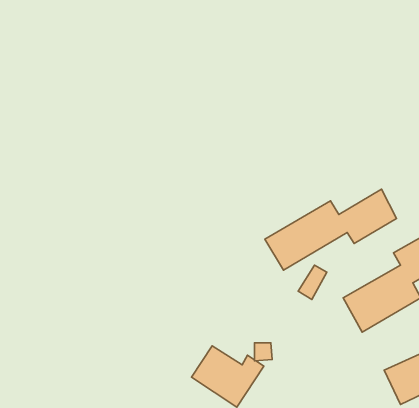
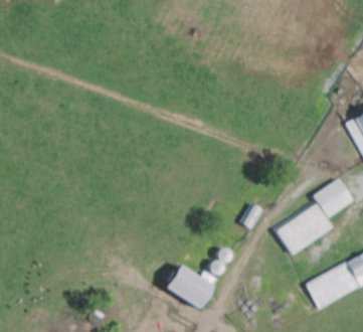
building: [265,189,397,270] -> none

